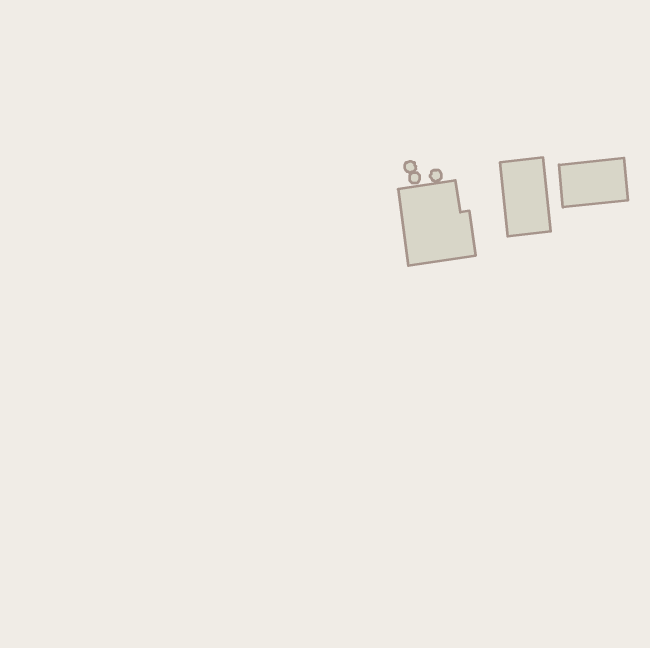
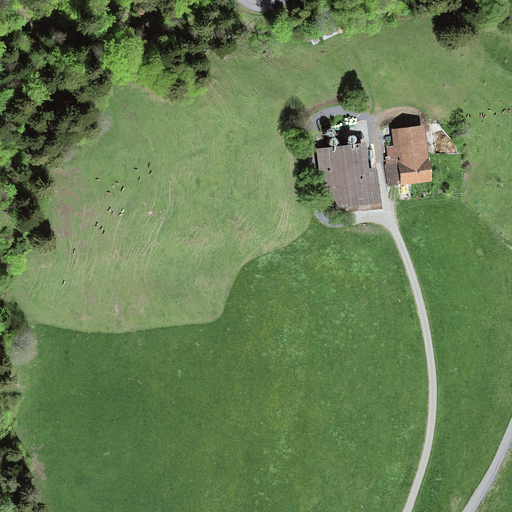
building: [559,158,628,207] -> none

